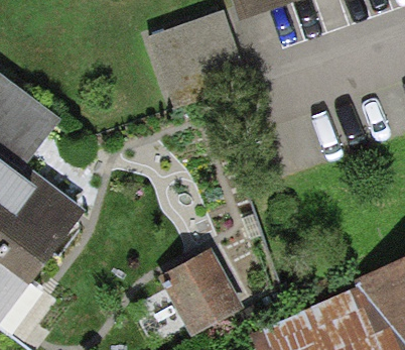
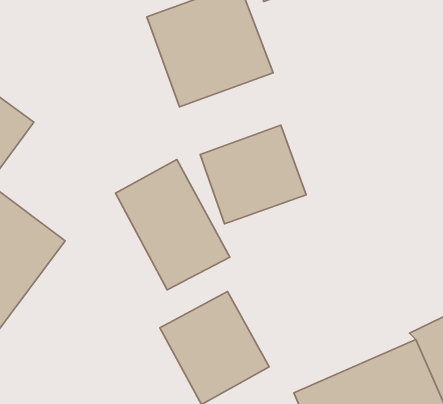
building: none -> [200,125,306,224]
building: none -> [115,159,230,290]

